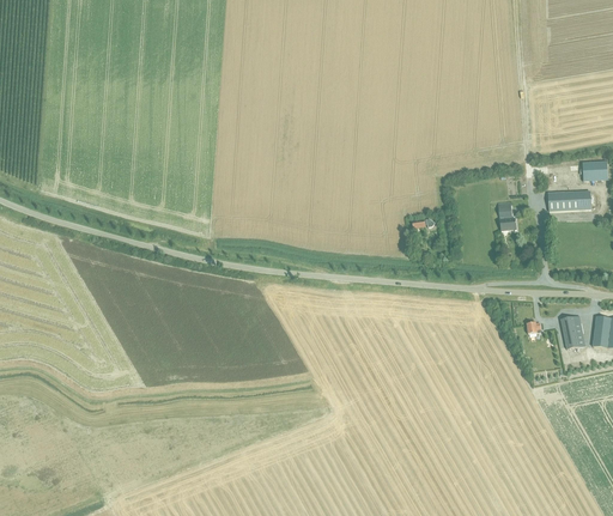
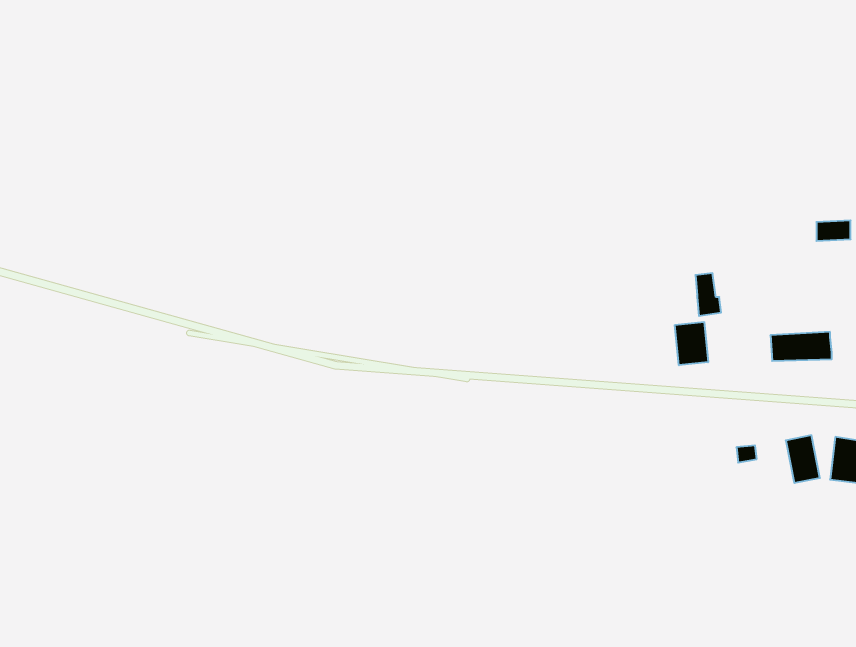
building: [548,190,591,211] -> [770,332,832,361]
building: none -> [675,322,708,365]

